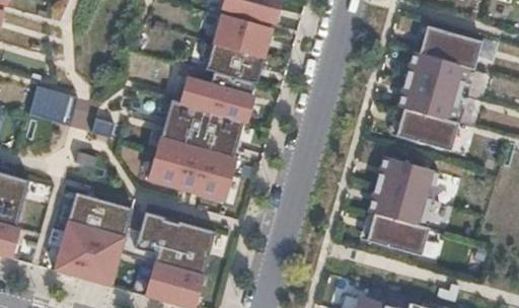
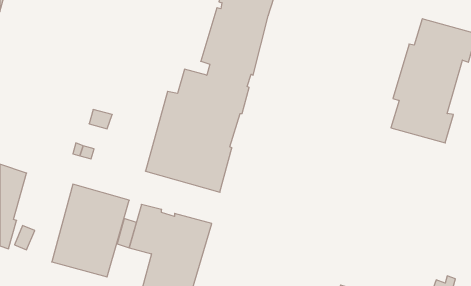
building: [29,85,78,125] -> none
building: [366,155,438,254] -> none

